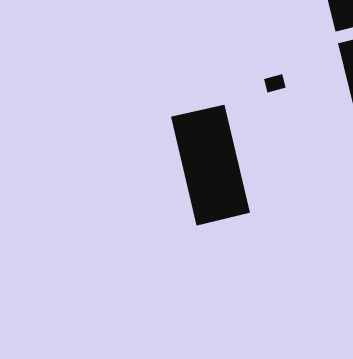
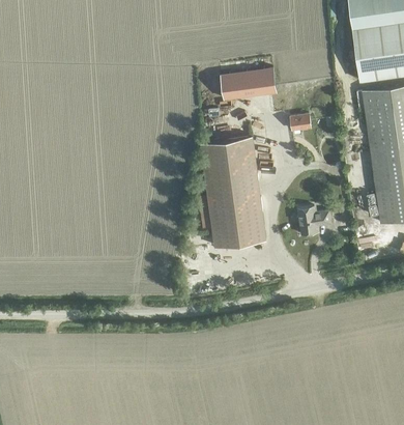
building: none -> [221,68,277,101]
building: none -> [297,207,331,235]

